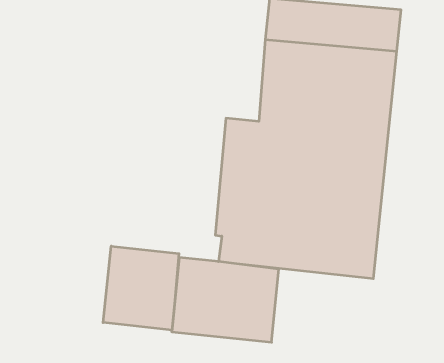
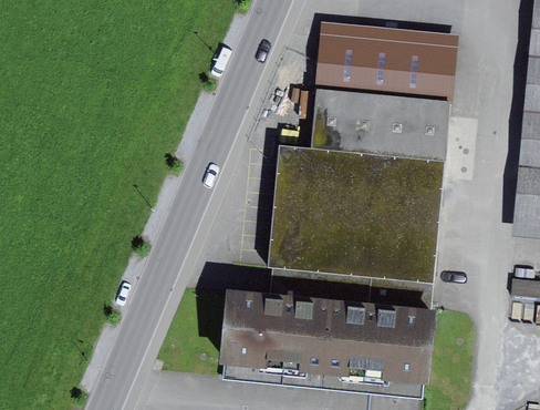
building: [103,246,179,330] -> none
building: none -> [325,305,438,392]

